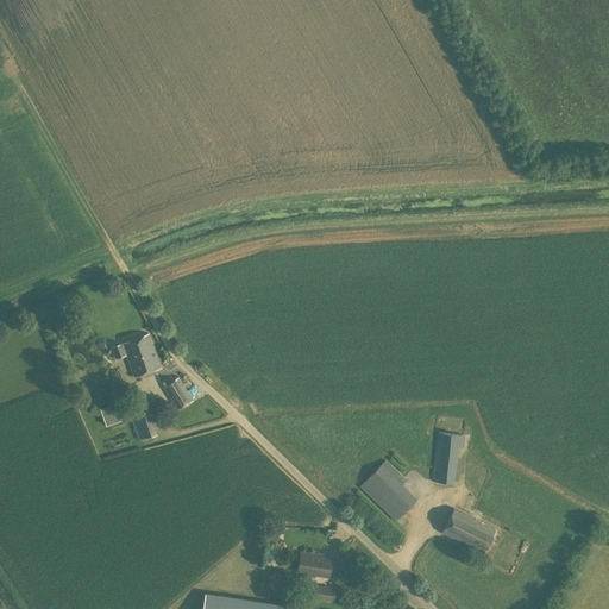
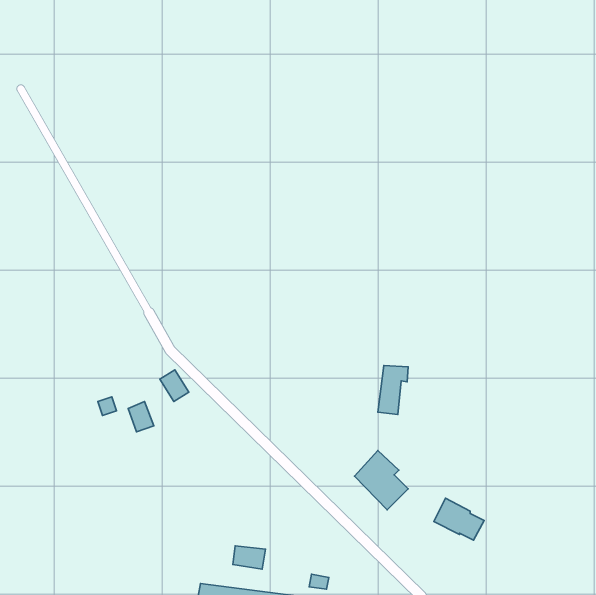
building: [111,334,161,377] -> none
building: [432,434,463,484] -> [378,366,408,415]
building: [297,554,331,578] -> [233,546,266,569]

